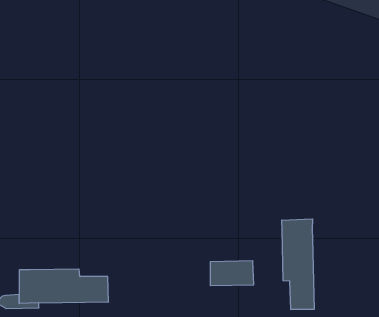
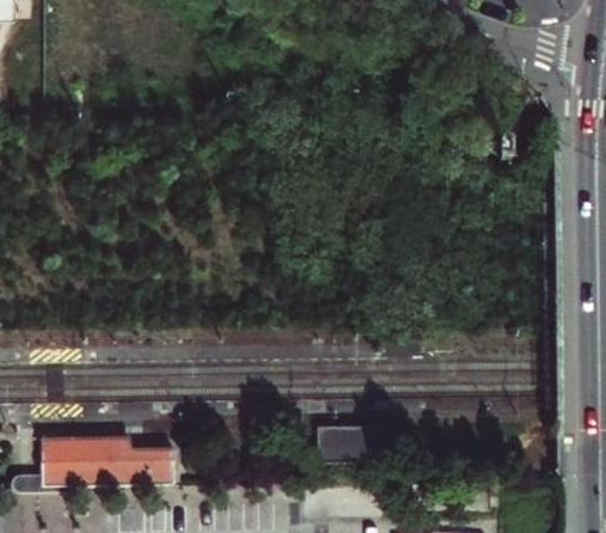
building: [282,219,314,310] -> none

